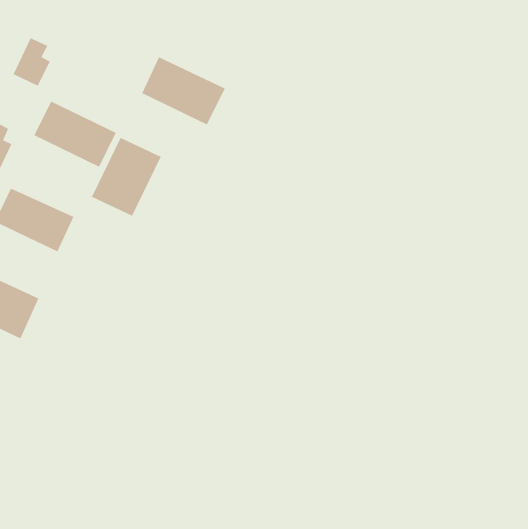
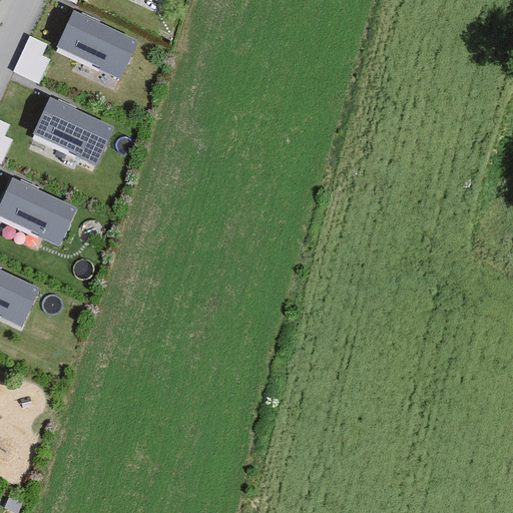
building: [141,56,226,126] -> [56,9,138,76]
building: [91,137,162,217] -> none

